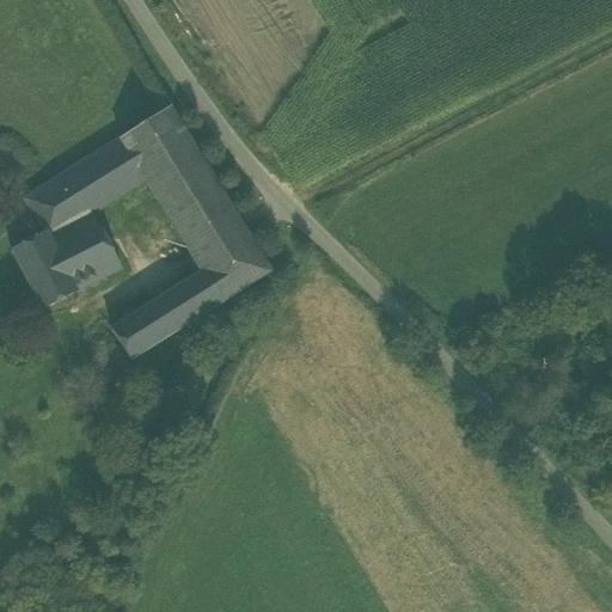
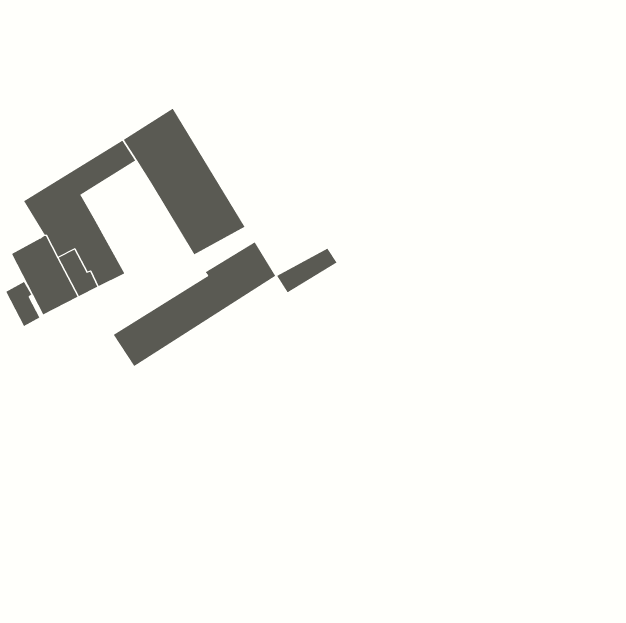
building: [80,157,148,213] -> none
building: [190,221,250,265] -> [276,248,338,293]
building: none -> [6,281,40,327]

